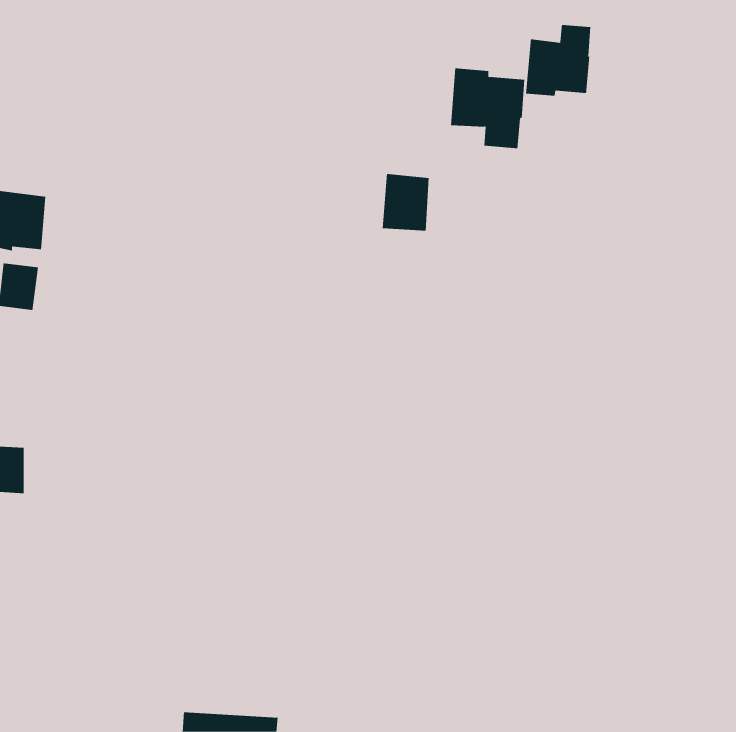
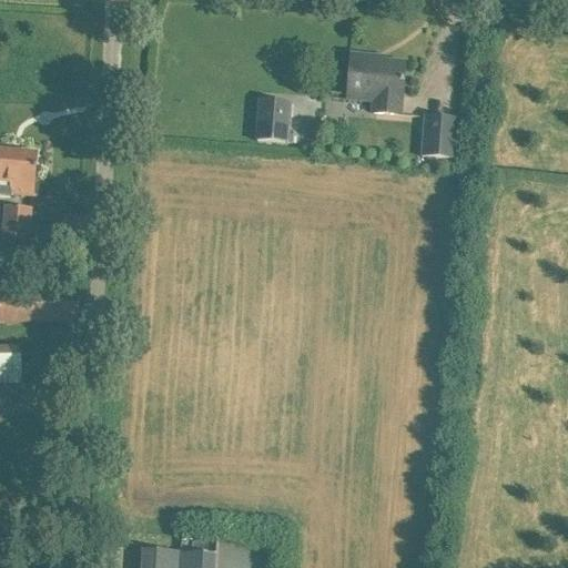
building: [526,24,591,97] -> none
building: none -> [420,113,459,156]
building: [382,173,430,231] -> [254,97,291,141]

